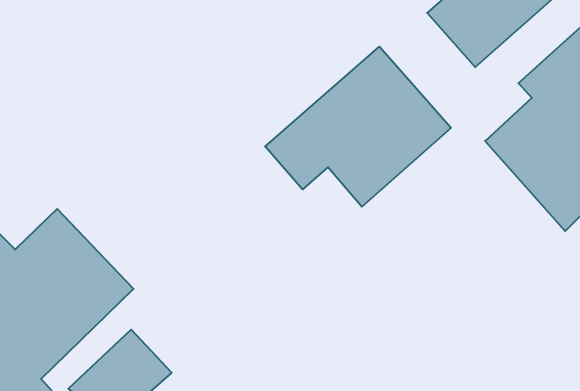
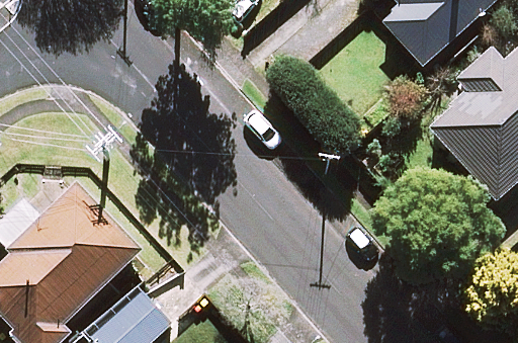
building: [265,47,451,207] -> none

